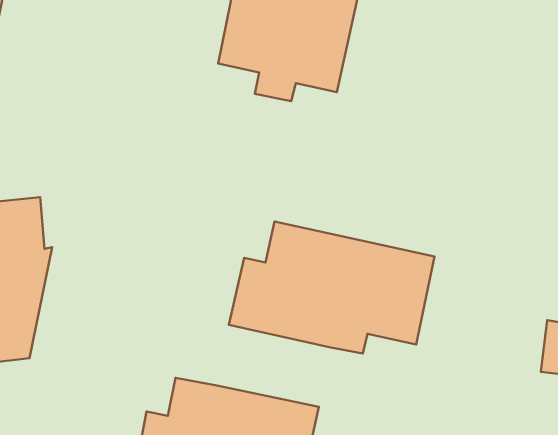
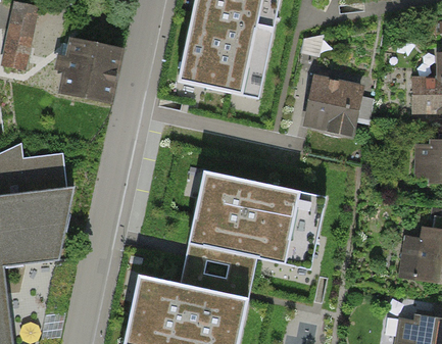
building: none -> [56,40,121,105]
building: none -> [307,76,361,131]
building: none -> [181,240,257,295]

